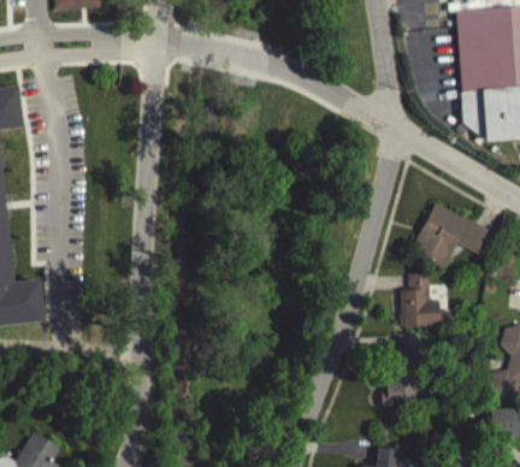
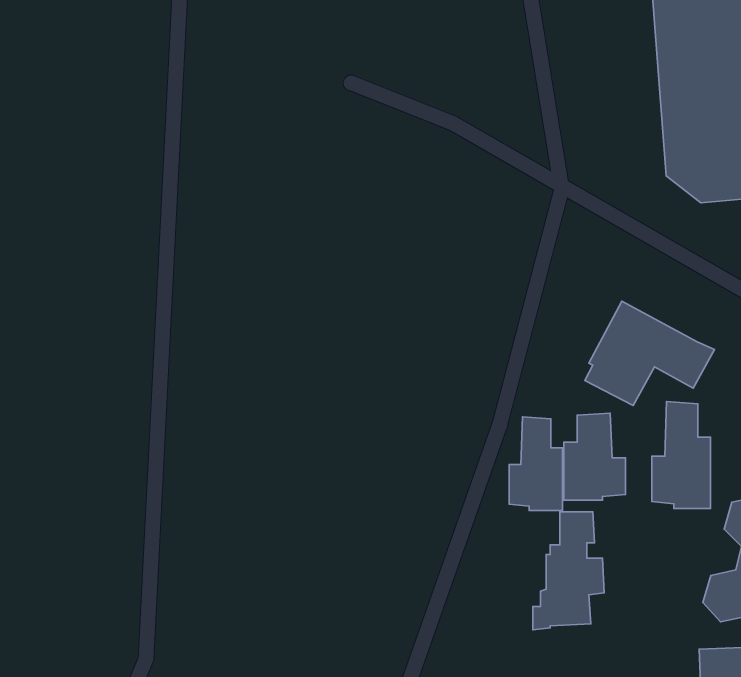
building: none -> [652,402,711,509]
building: none -> [509,417,563,510]

